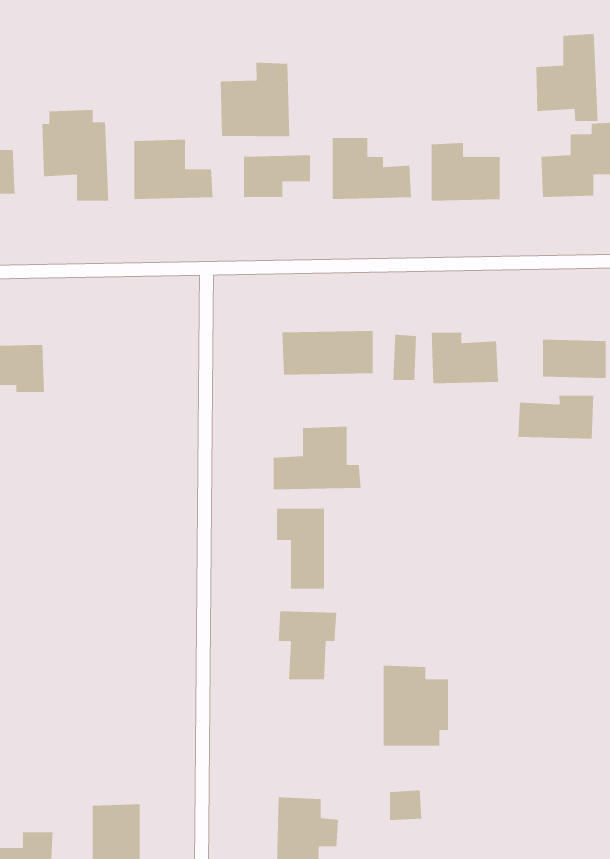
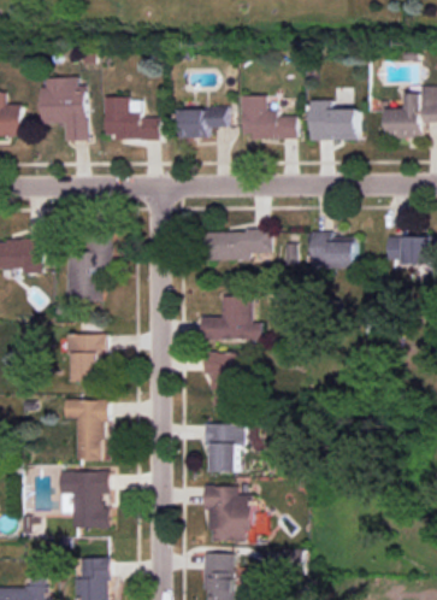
building: [535,33,598,122] -> none
building: [220,62,290,137] -> none
building: none -> [65,234,111,300]
building: [518,395,594,440] -> none
building: none -> [64,334,106,381]
building: none -> [64,400,104,460]
building: [383,665,449,747] -> [206,486,252,542]
building: none -> [59,471,107,529]

